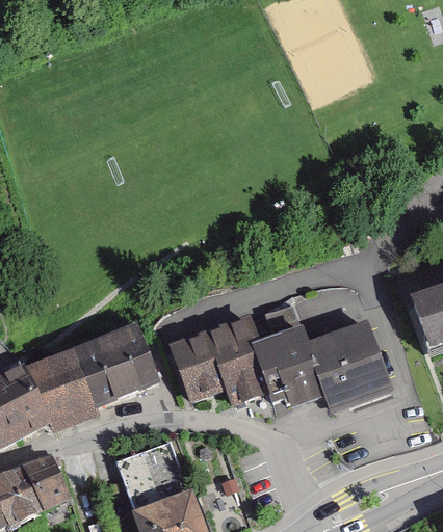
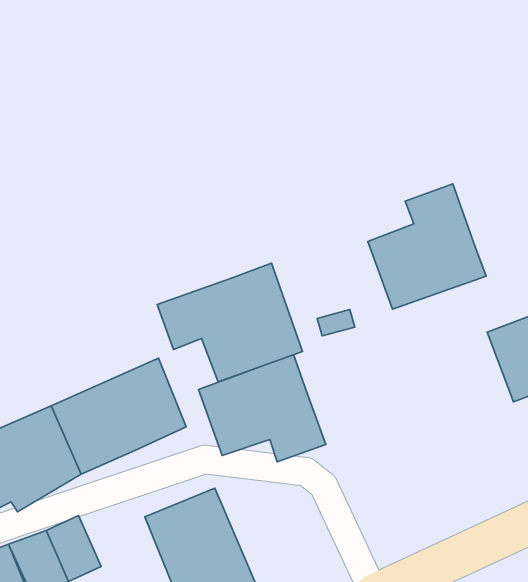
building: none -> [368,184,486,309]
building: none -> [157,263,302,382]
building: [255,322,389,417] -> none

